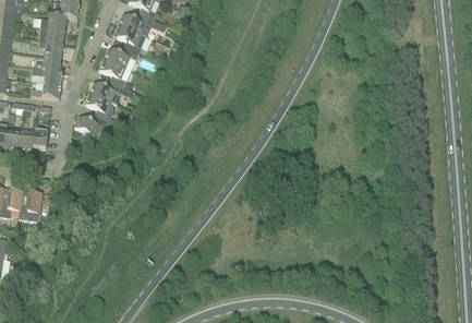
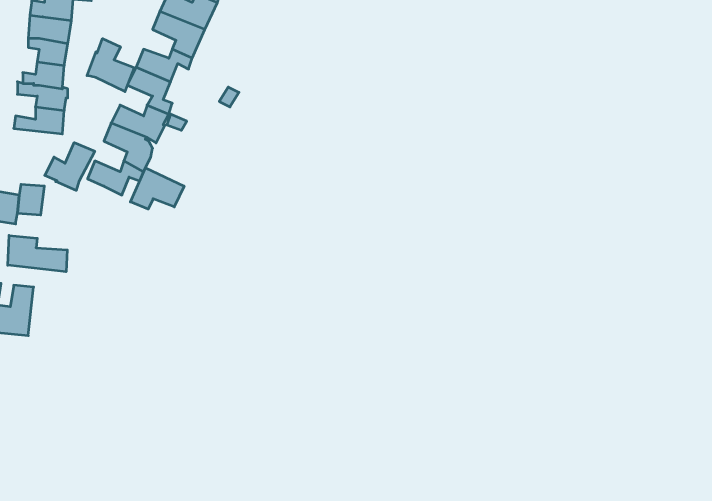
building: none -> [87,39,134,92]
building: none -> [45,143,95,190]
building: none -> [130,168,184,209]
building: none -> [8,235,67,272]

